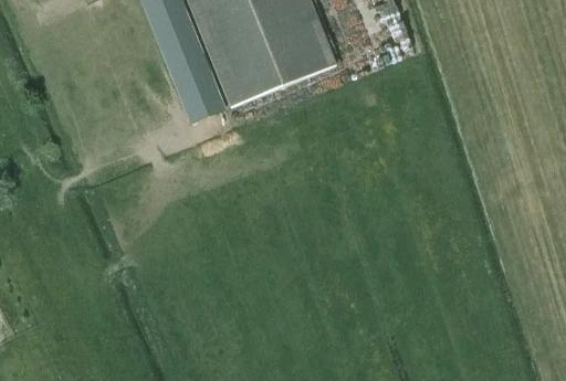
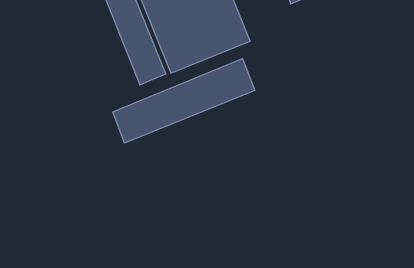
building: none -> [113,58,255,143]

